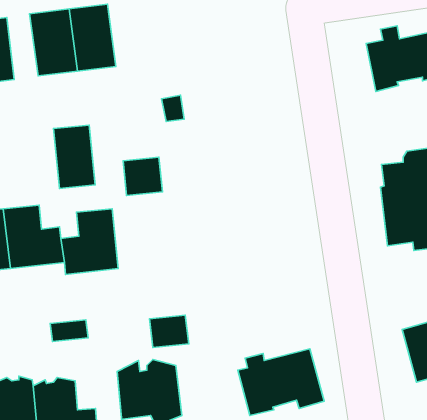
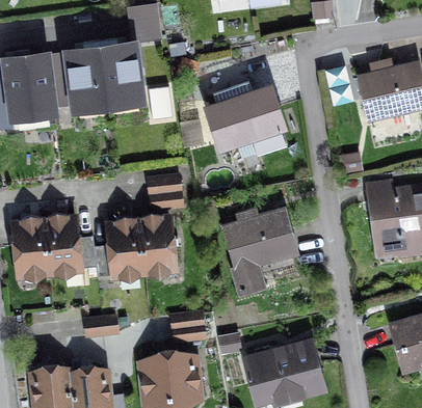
building: none -> [208,90,286,151]
building: [53,125,95,188] -> [137,217,174,272]
building: none -> [223,210,295,294]

